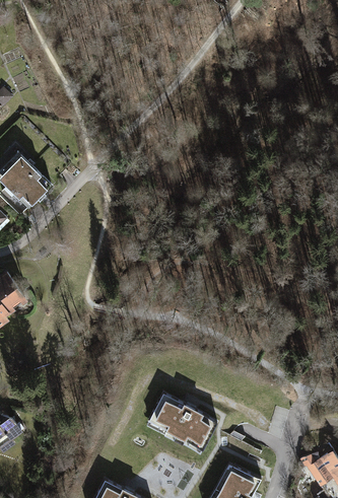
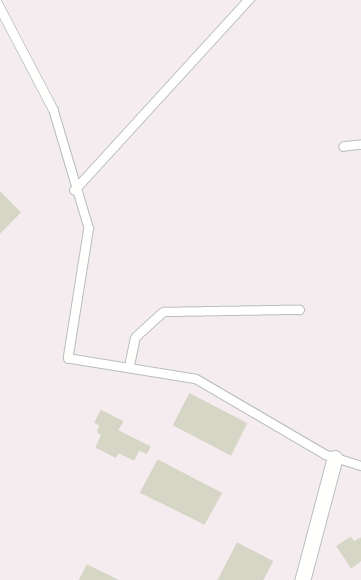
building: none -> [172,392,248,456]
building: none -> [93,409,152,462]

